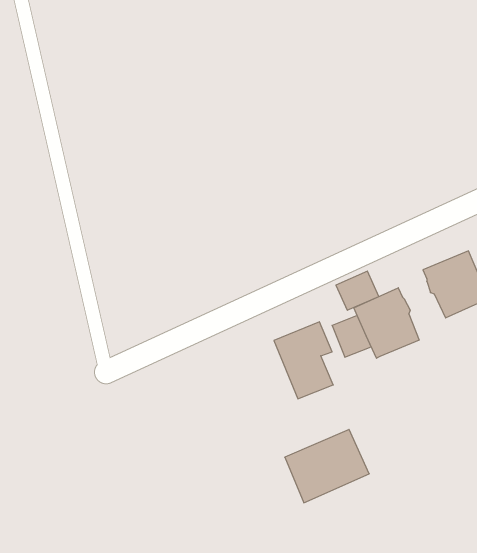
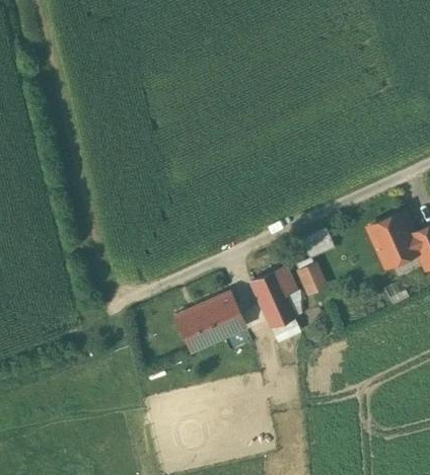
building: [354,288,419,358] -> none
building: [285,429,369,503] -> [177,293,245,351]

